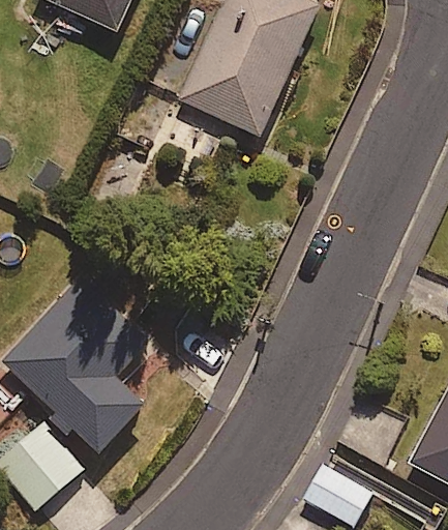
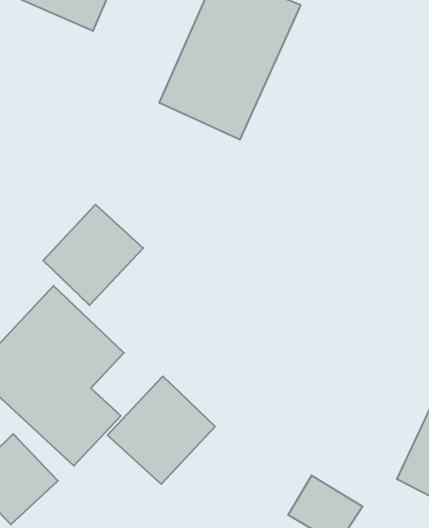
building: none -> [43,205,143,305]
building: none -> [108,376,215,484]

